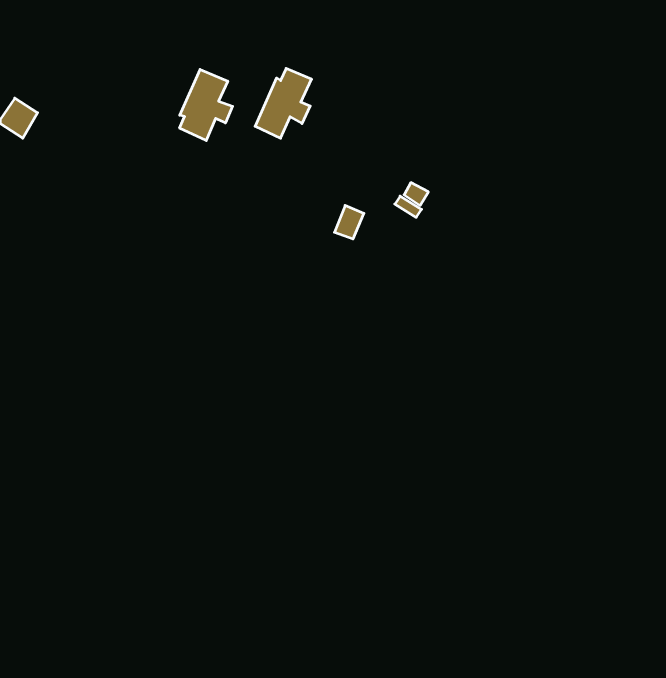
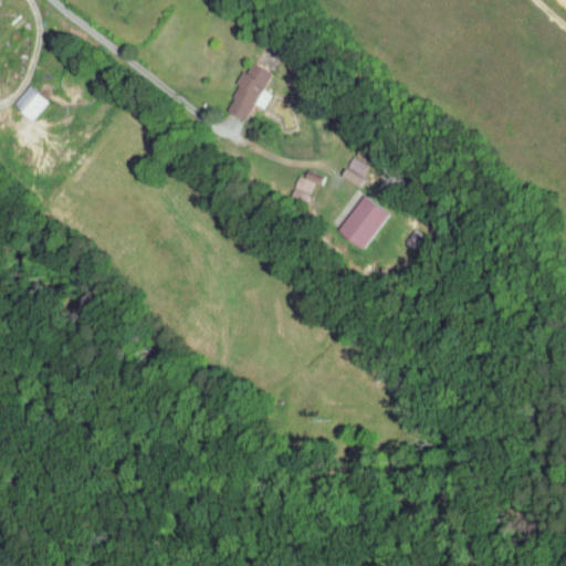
building: [180,69,233,141] -> none
building: none -> [339,197,387,249]

